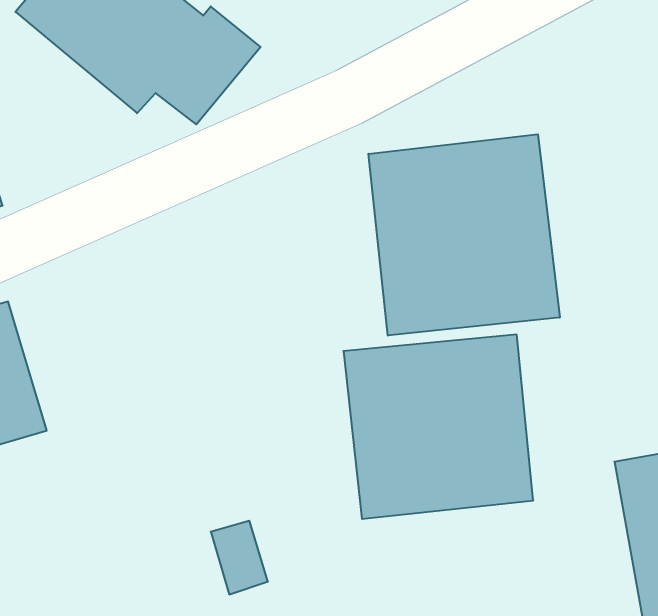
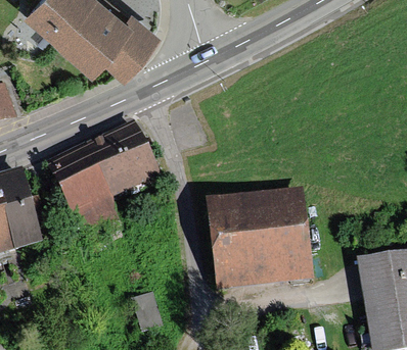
building: [368,134,560,336] -> none
building: none -> [47,121,161,238]

